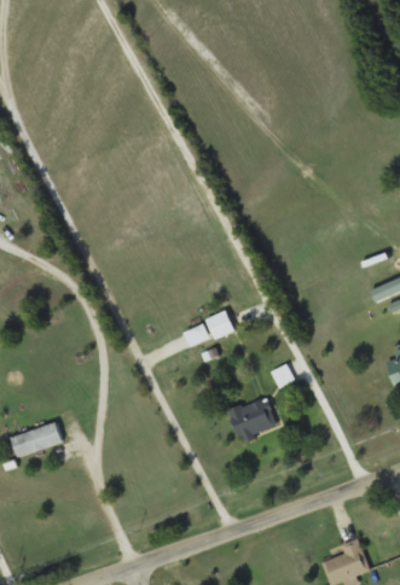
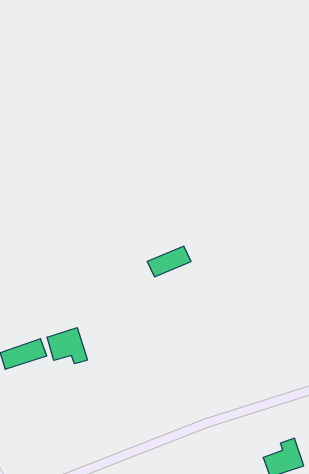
building: [228,396,278,441] -> none
building: none -> [47,328,87,364]

